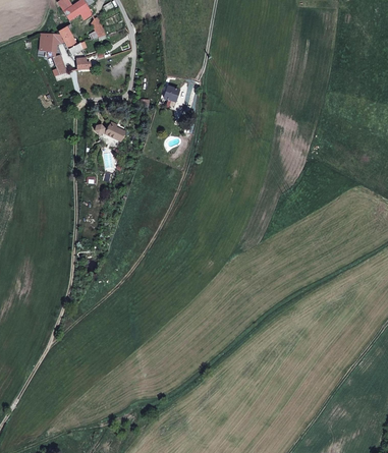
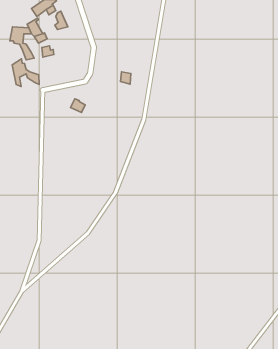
building: none -> [12,59,39,86]

